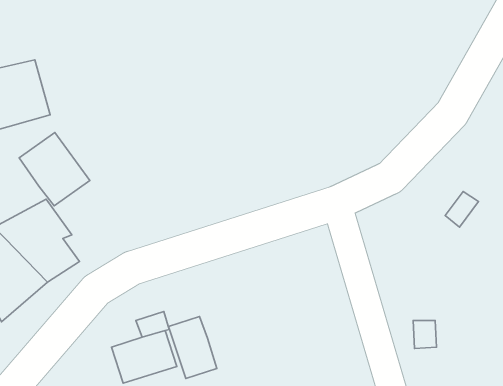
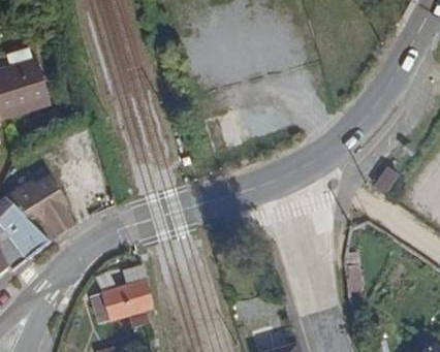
building: [19,133,90,206] -> none
building: [168,316,217,378] -> none

